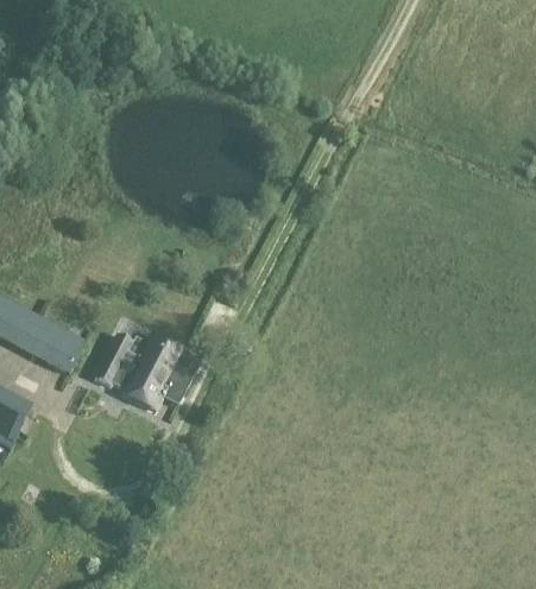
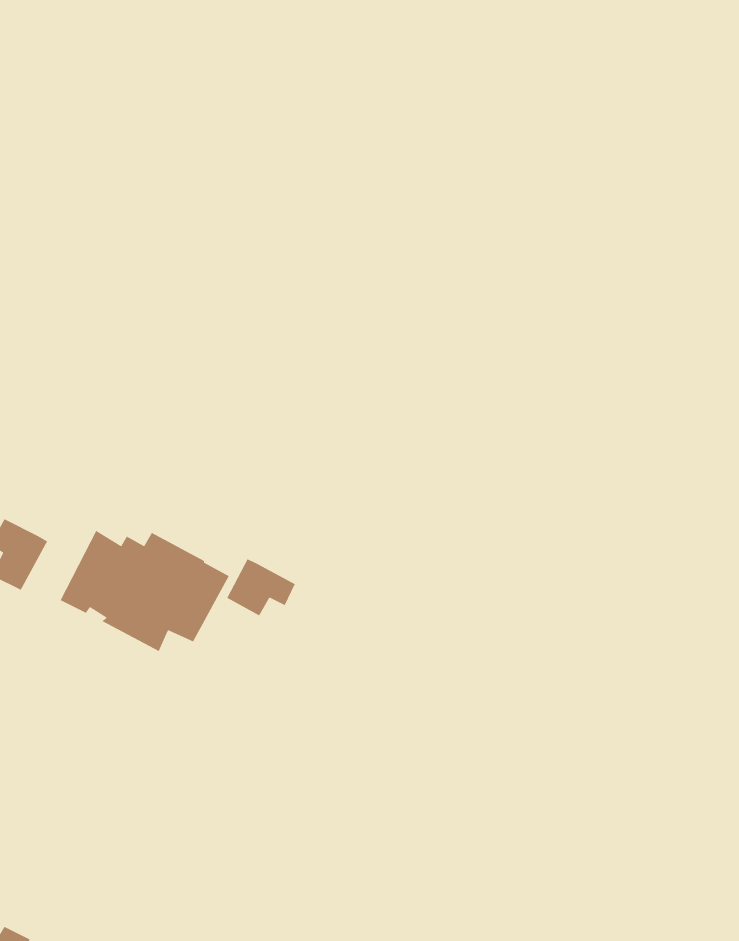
building: none -> [226,558,296,616]

